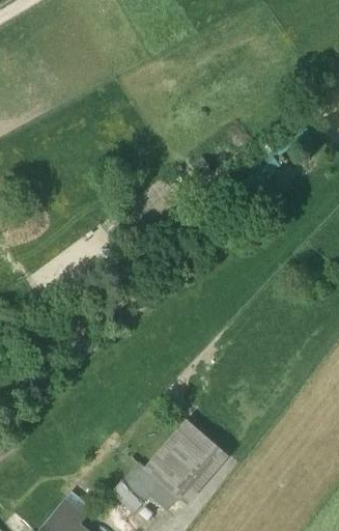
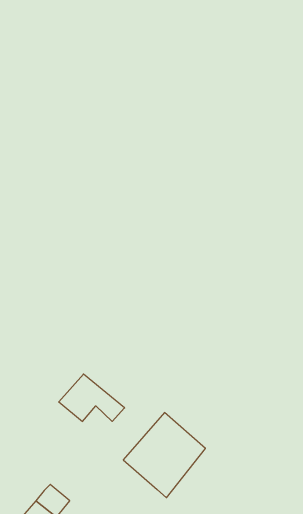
building: [113,464,179,511] -> [59,374,125,421]

